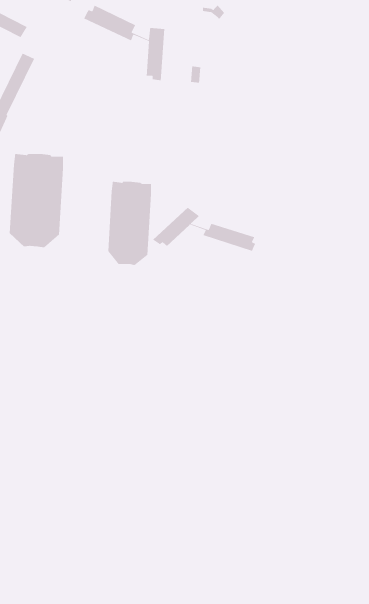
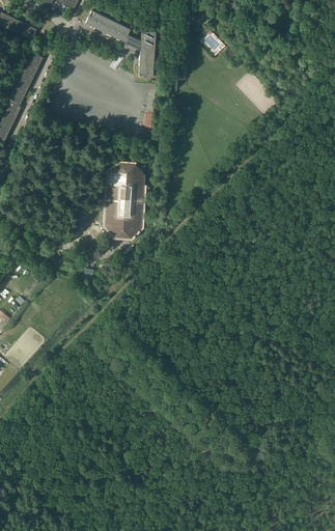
building: [9,153,64,248] -> none
building: [152,207,256,252] -> none

